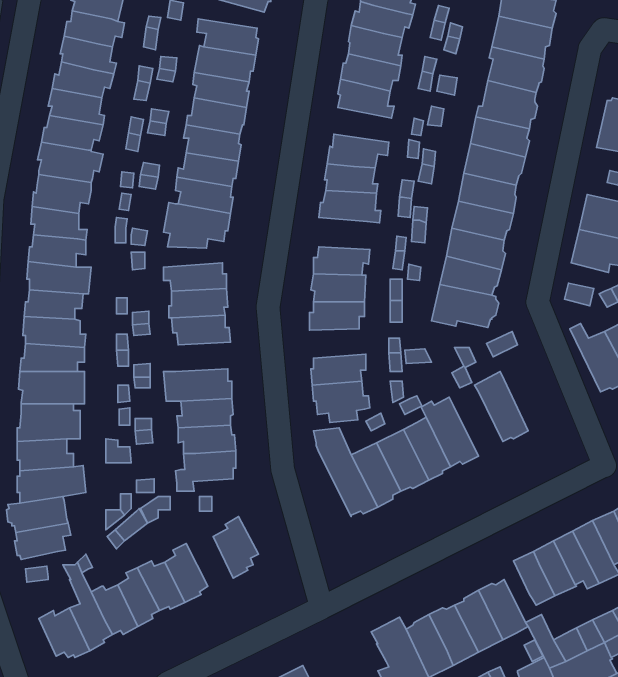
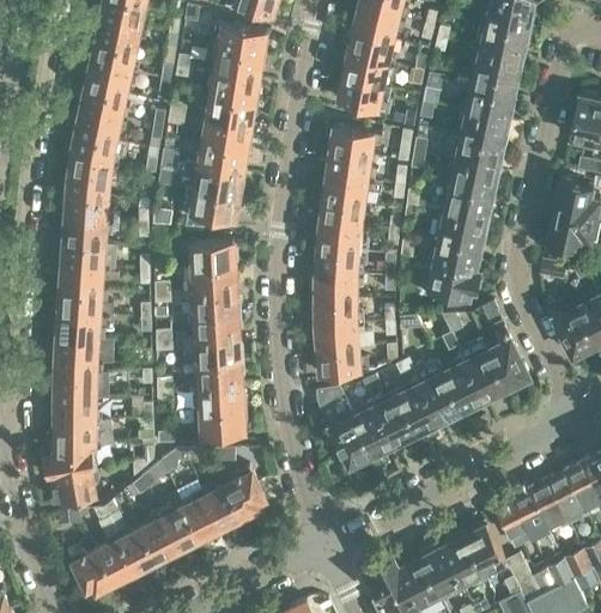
building: none -> [318,201,368,230]
building: none -> [312,301,363,327]
building: none -> [192,312,242,339]
building: none -> [486,323,529,392]
building: none -> [441,357,485,414]
building: none -> [202,486,244,530]

